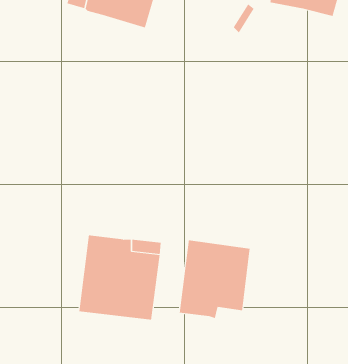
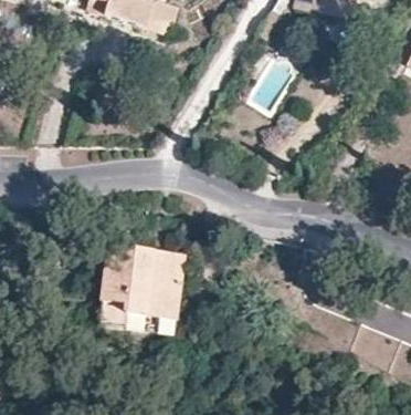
building: [179,240,250,319] -> none

